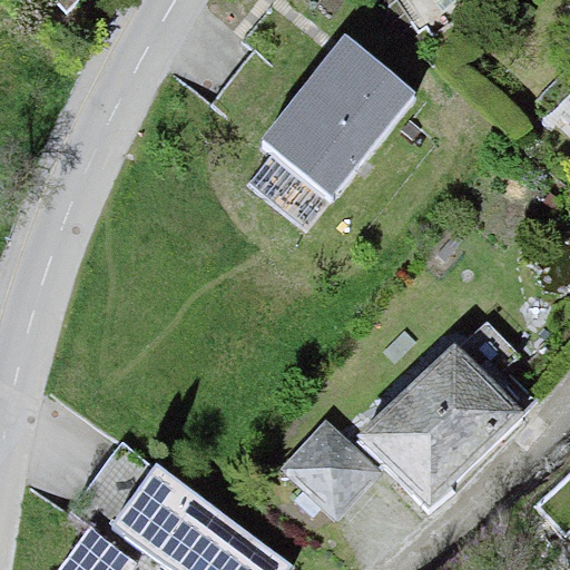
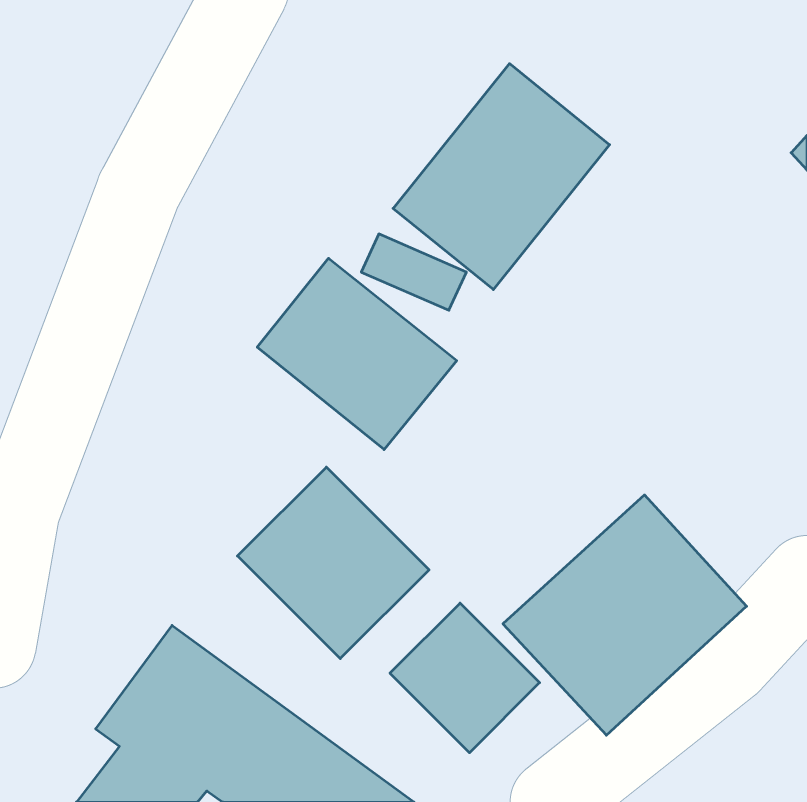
building: none -> [257,258,457,450]
building: none -> [237,467,429,659]

